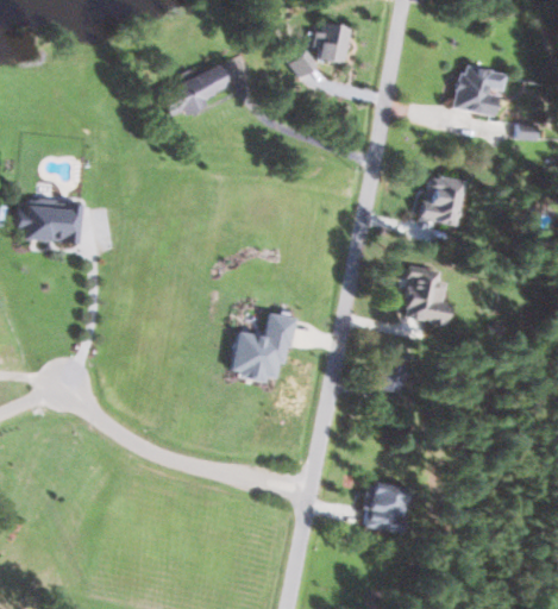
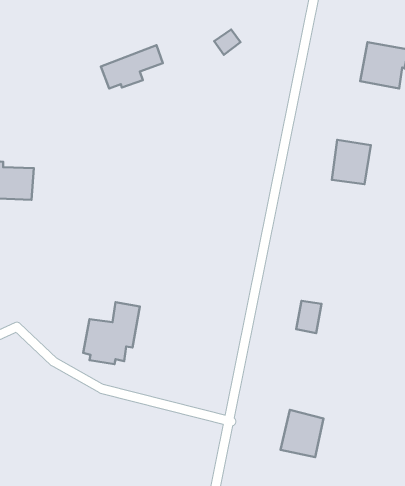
building: [318,21,351,63] -> none
building: [406,266,452,325] -> none
building: [231,313,295,383] -> [83,302,140,364]

